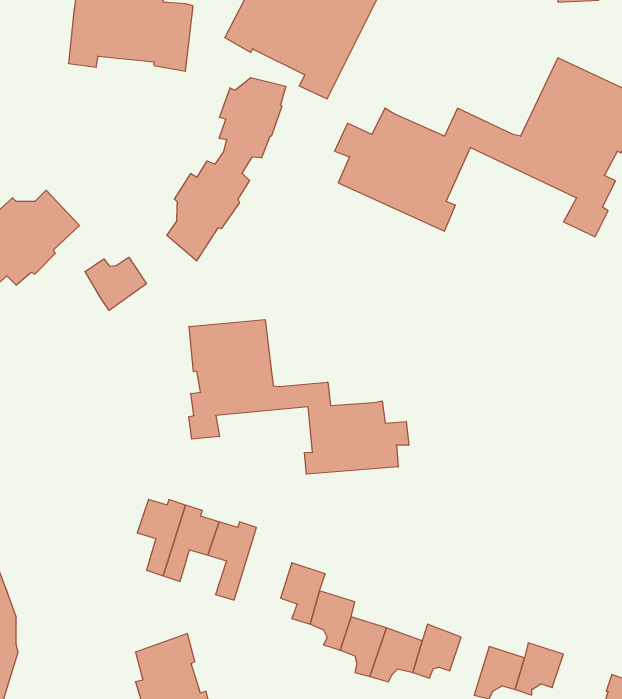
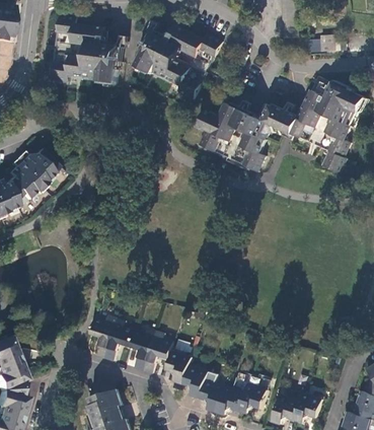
building: [167,78,286,261] -> none
building: [85,257,146,310] -> none
building: [189,320,409,474] -> none
building: none -> [144,331,174,373]

